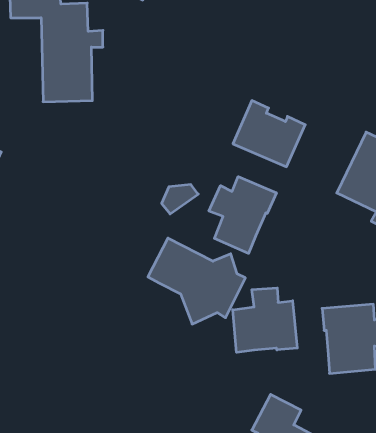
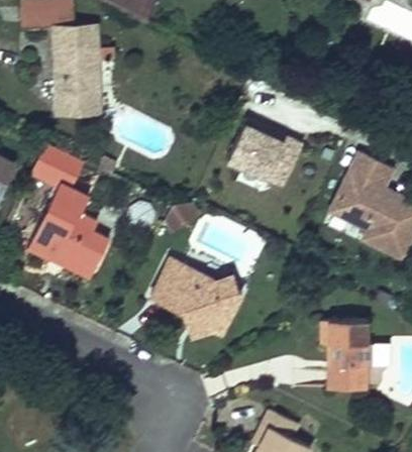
building: none -> [26,141,108,273]
building: [209,177,276,253] -> none
building: [233,288,297,352] -> none

